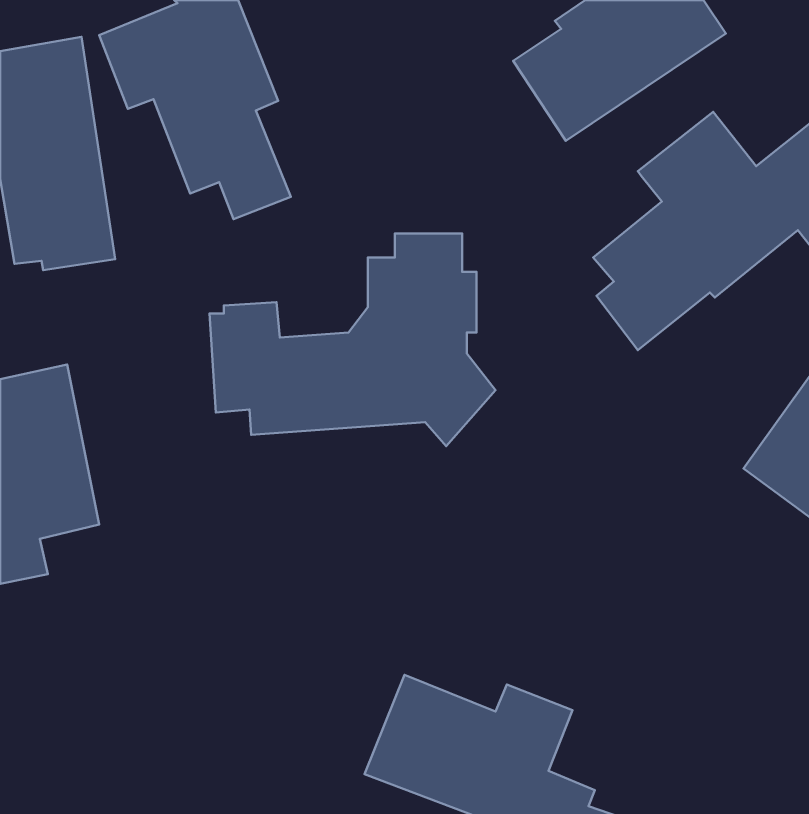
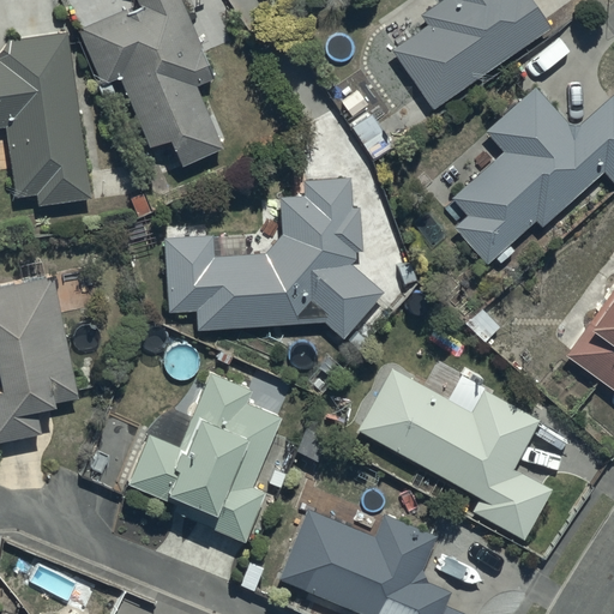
building: none -> [359,367,554,541]
building: none -> [127,375,287,542]

